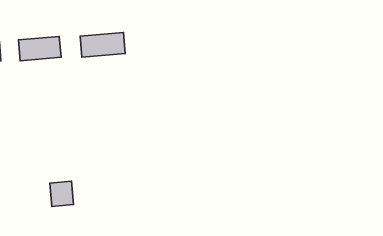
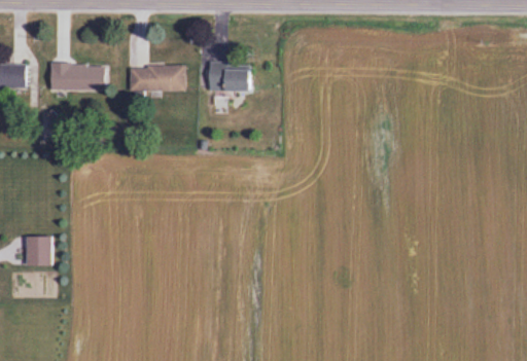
building: none -> [208,64,247,92]
building: [50,181,74,206] -> [27,237,55,266]

